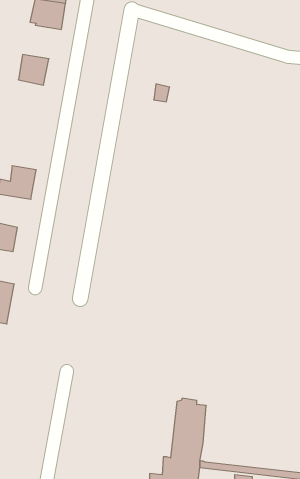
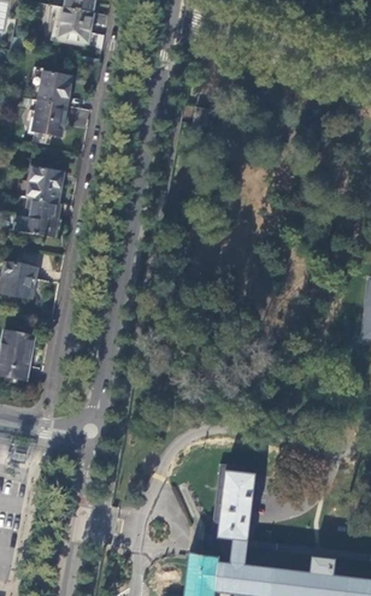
building: none -> [33,101,67,136]
building: none -> [26,167,65,205]

